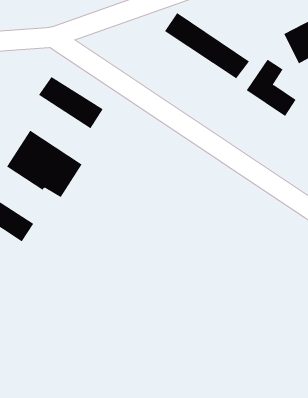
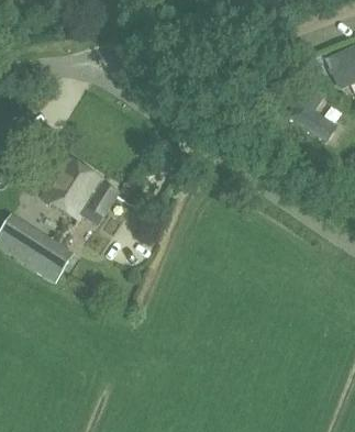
building: [164,12,250,79] -> none
building: [38,76,103,129] -> none

